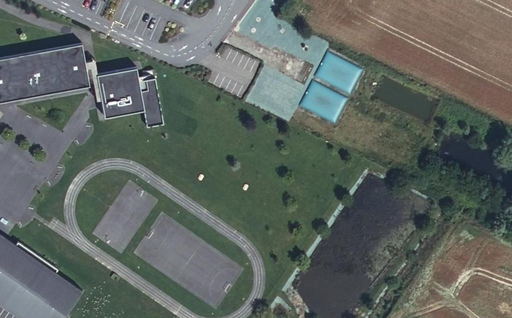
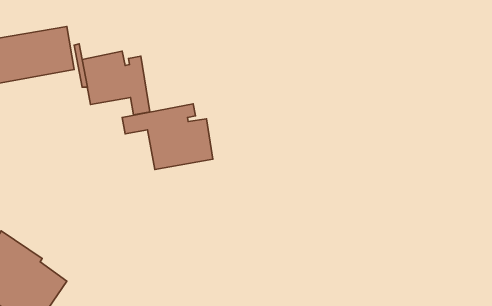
building: none -> [122,104,213,170]

